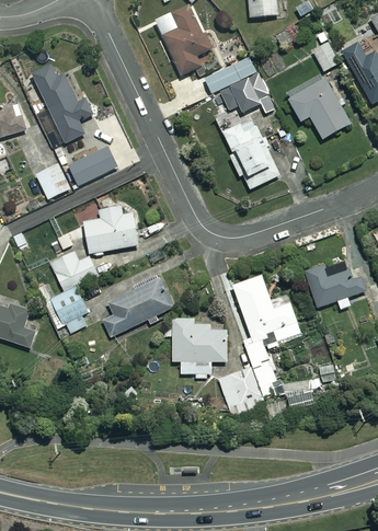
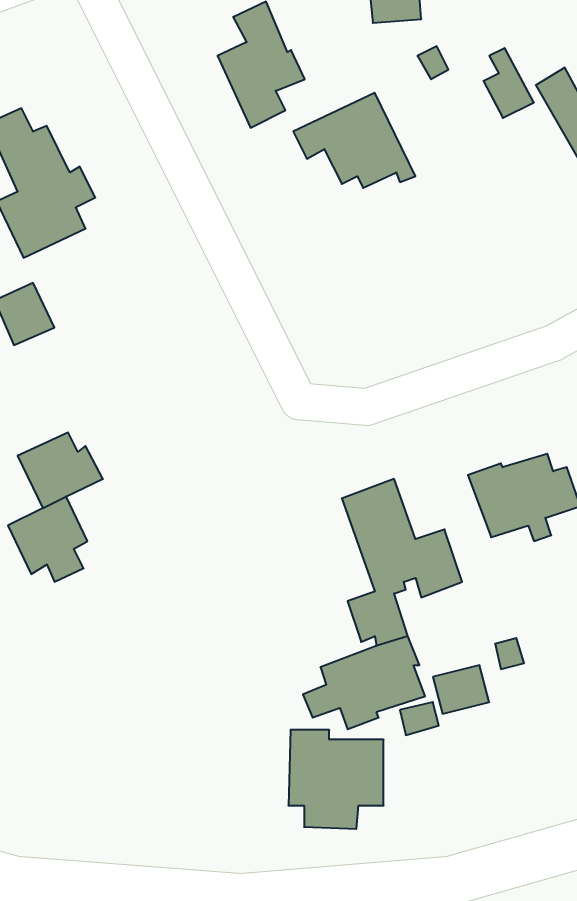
building: [288,77,351,138] -> none
building: [222,117,279,188] -> none
building: [69,147,116,184] -> none
building: [83,205,137,253] -> none
building: [102,277,173,336] -> none
building: [172,318,226,373] -> [288,730,384,829]

